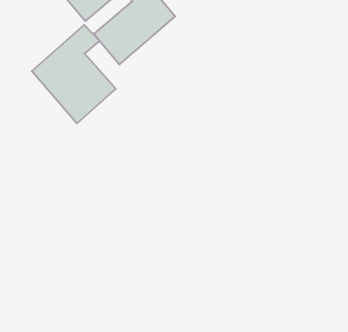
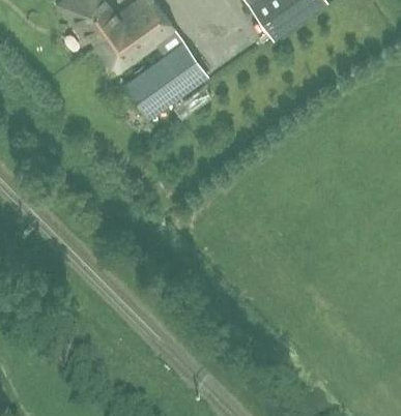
building: [32,25,116,123] -> none

